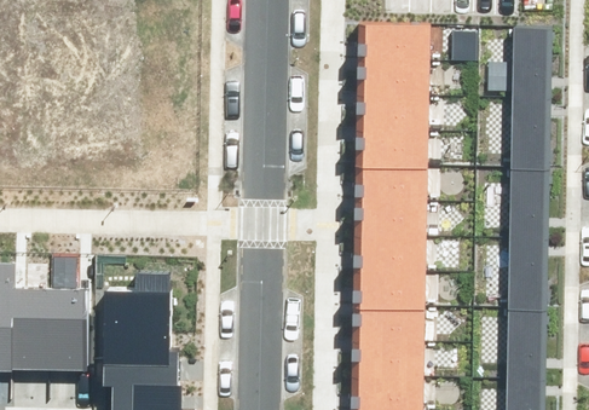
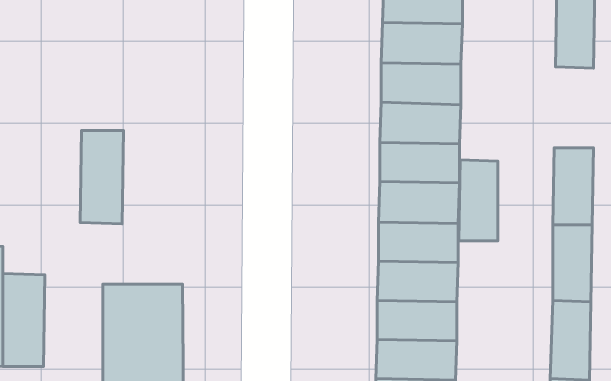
building: [510,100,545,173] -> [459,160,498,241]
building: [53,287,92,370] -> [80,131,123,224]

